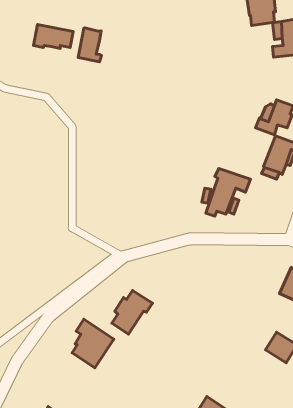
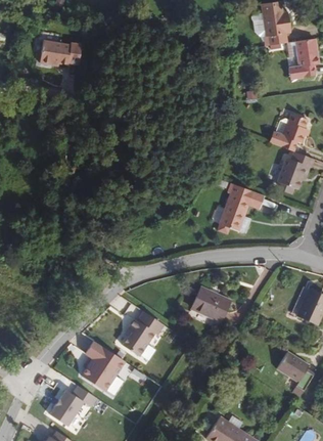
building: [78,28,101,62] -> none
building: none -> [187,283,230,319]
building: none -> [48,385,96,425]

